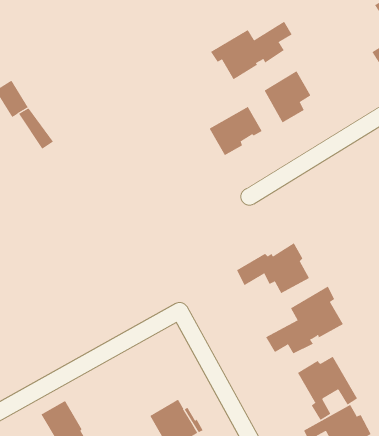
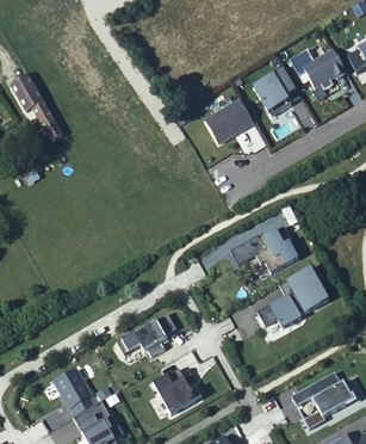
building: [210,21,293,80] -> none
building: none -> [304,51,346,90]
building: none -> [128,314,175,357]
building: [297,356,358,421] -> none

